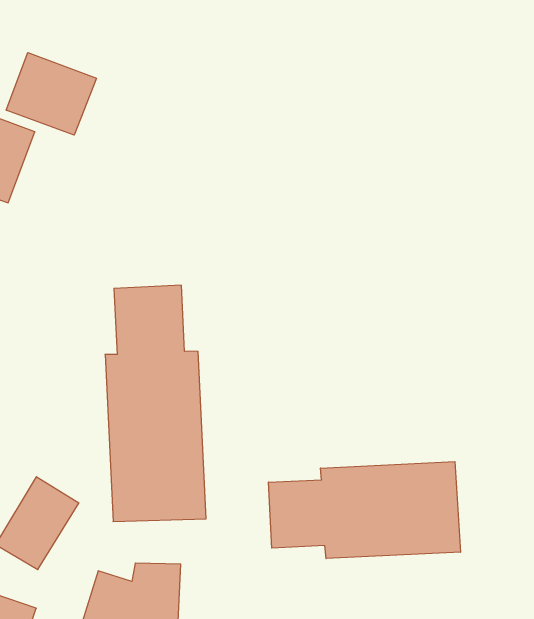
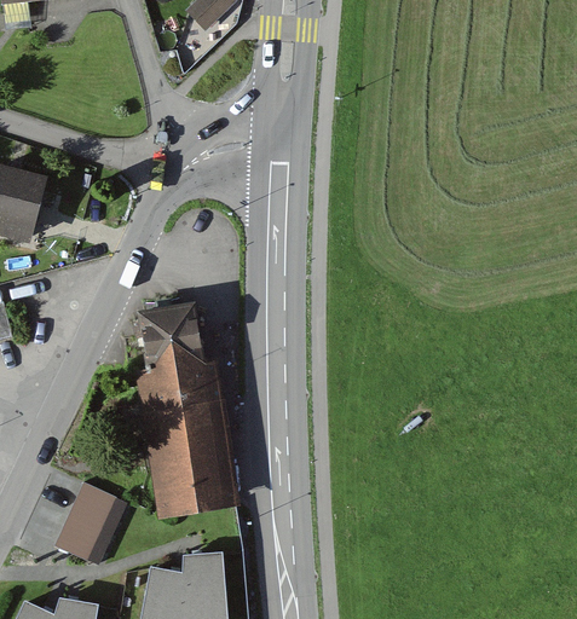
building: [6,53,97,135] -> none
building: [269,462,460,559] -> none

